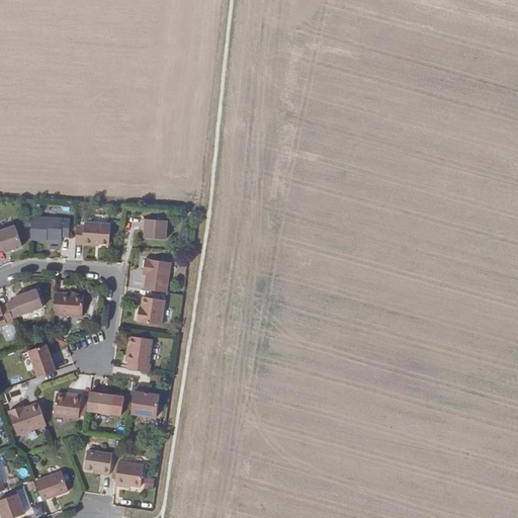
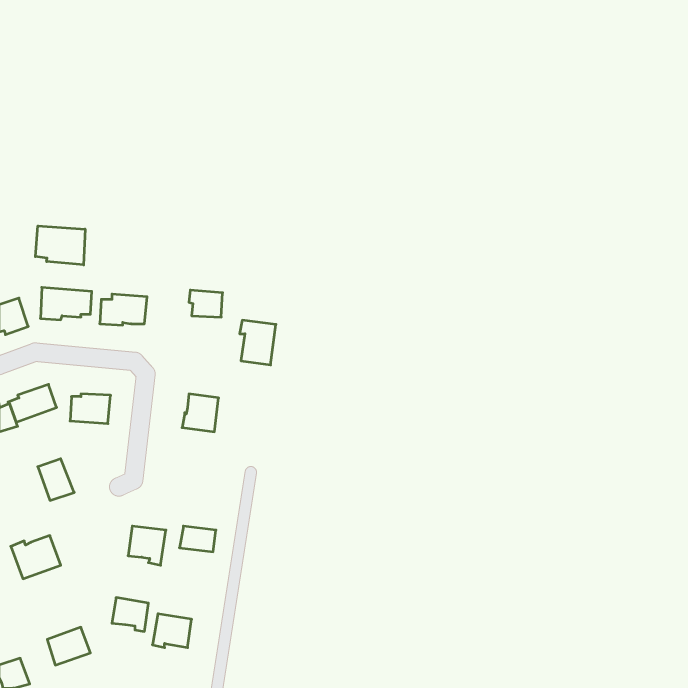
building: none -> [35,226,85,265]
building: [143,258,170,291] -> [240,320,276,365]
building: [124,336,152,371] -> none
building: [53,392,81,418] -> none

